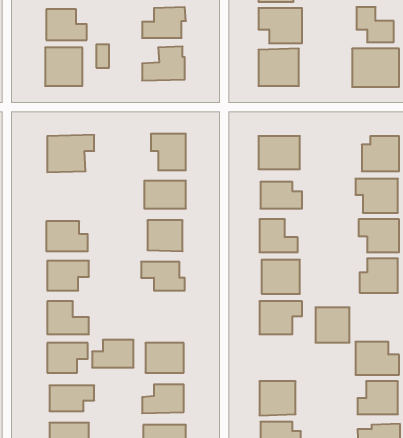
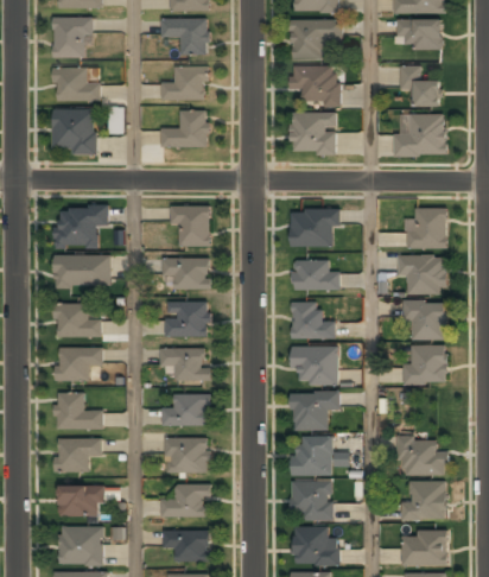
building: none -> [53,256,109,289]
building: [315,307,350,343] -> [294,437,332,476]
building: [92,340,134,368] -> [163,395,209,426]

